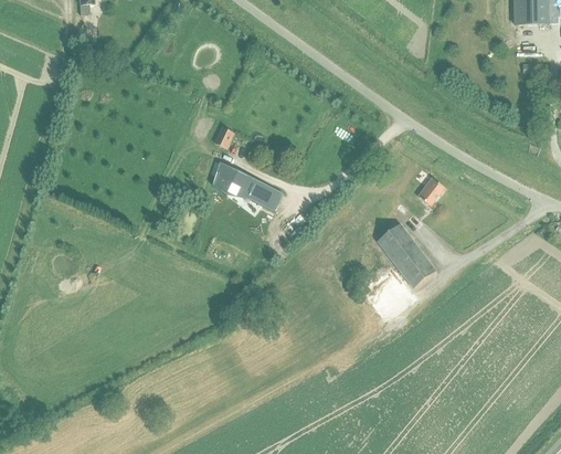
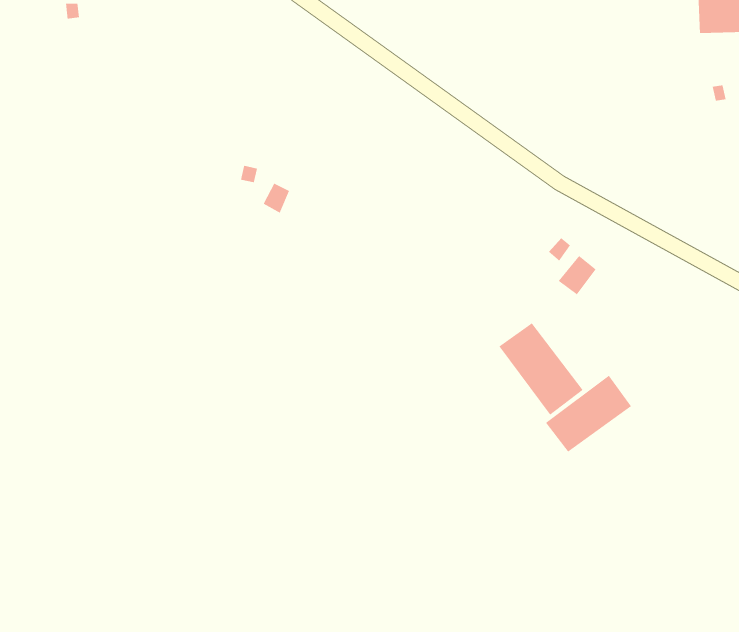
building: [211,160,273,208] -> none
building: none -> [545,375,632,453]

